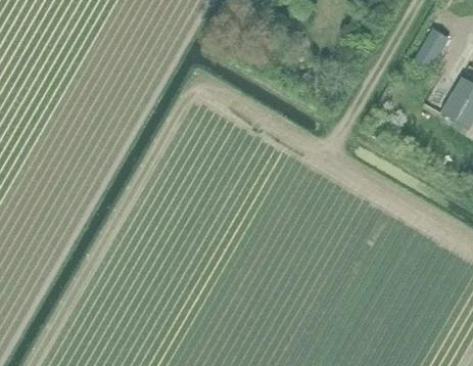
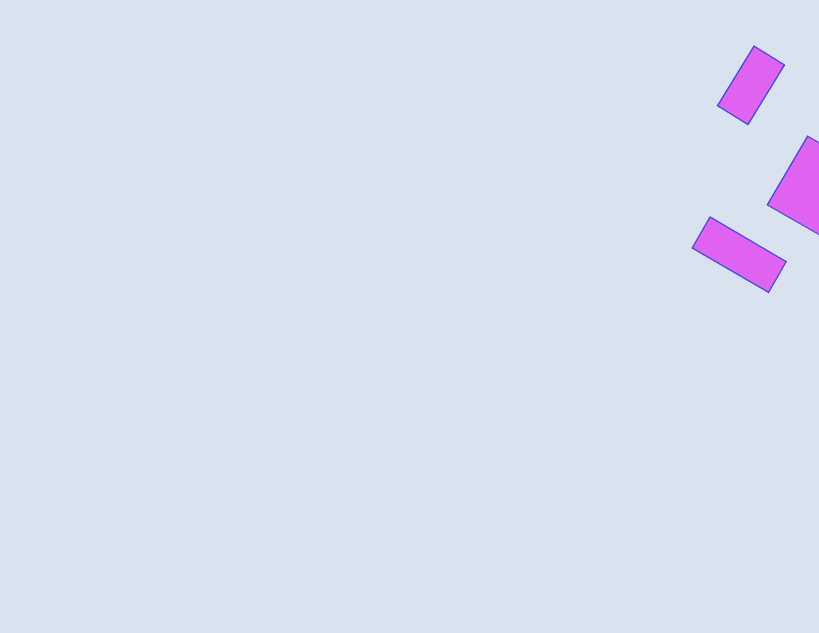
building: none -> [692,217,786,293]

